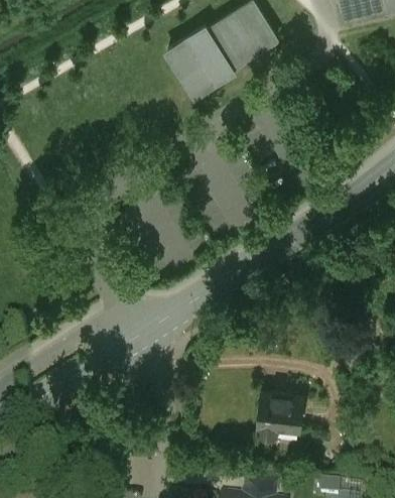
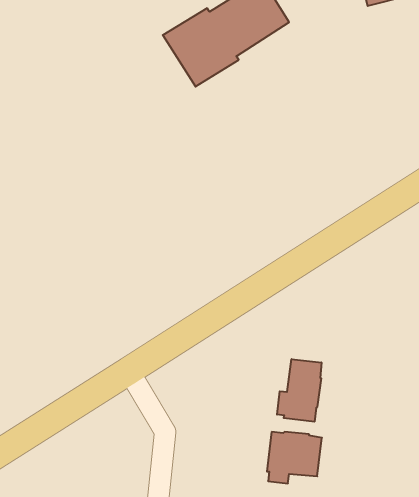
building: none -> [277,359,321,422]

